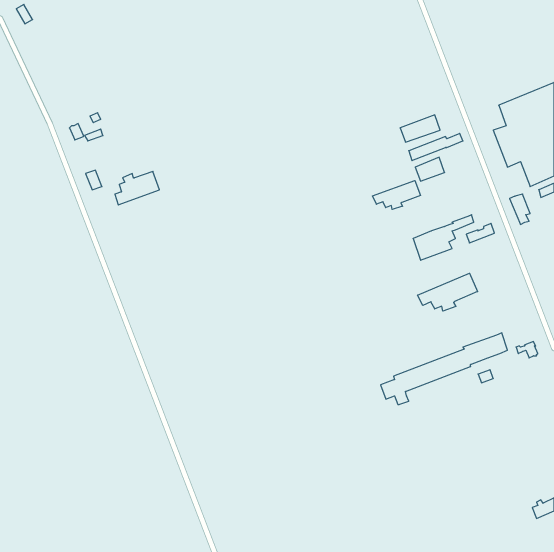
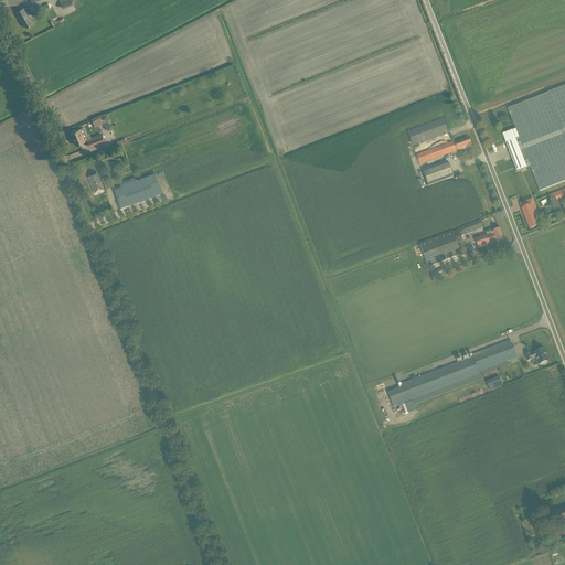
building: [373,181,421,209] -> none
building: [418,273,478,311] -> none

